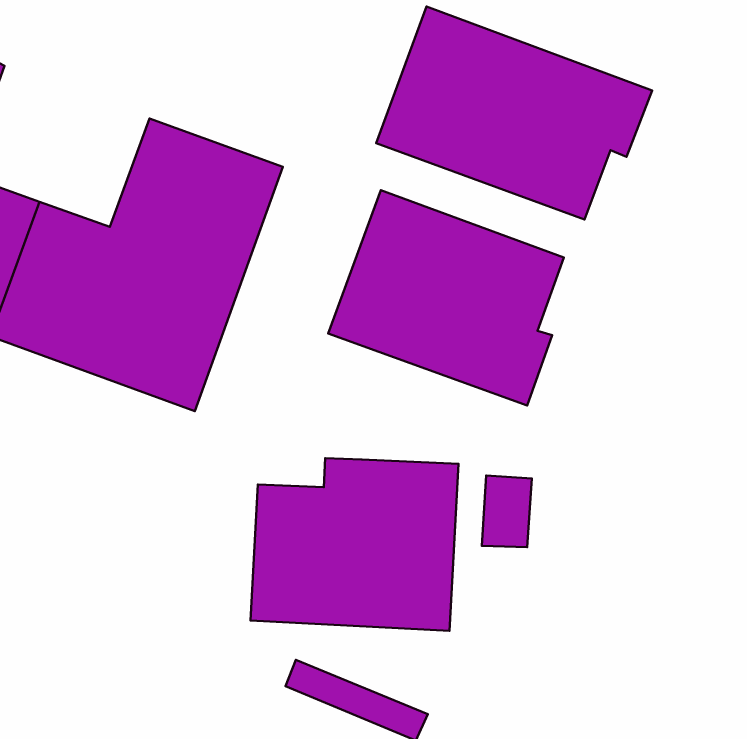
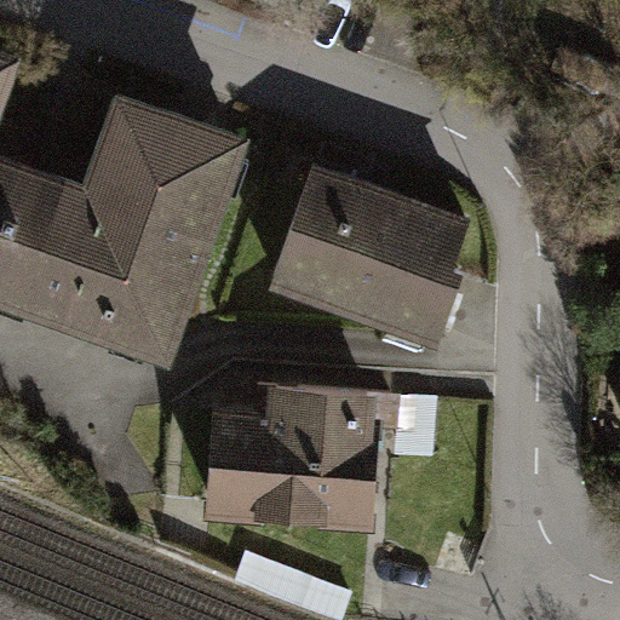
building: [376,7,652,219] -> none

